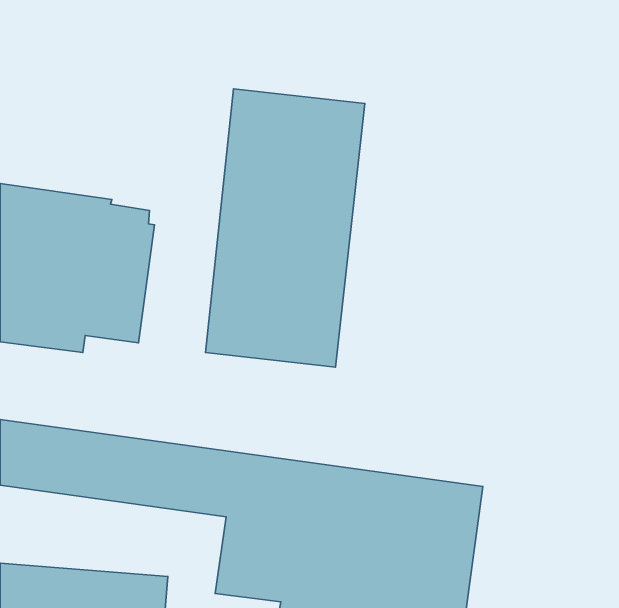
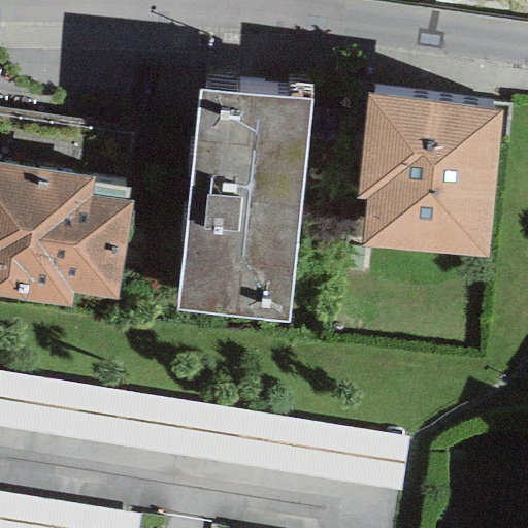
building: none -> [355,96,503,262]

